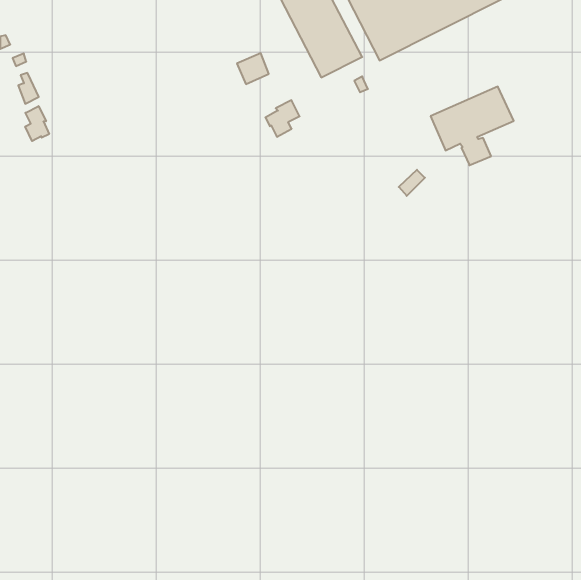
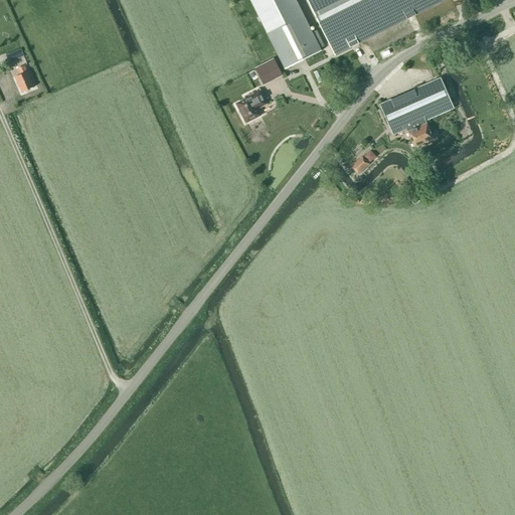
building: [237,53,269,84] -> [255,58,284,85]
building: [25,106,49,141] -> none

